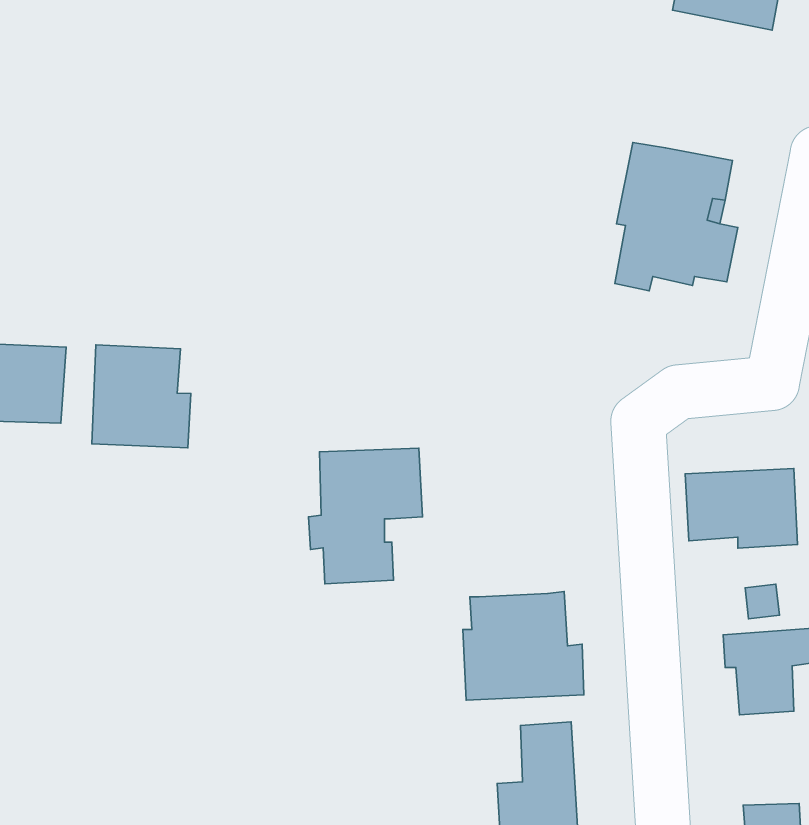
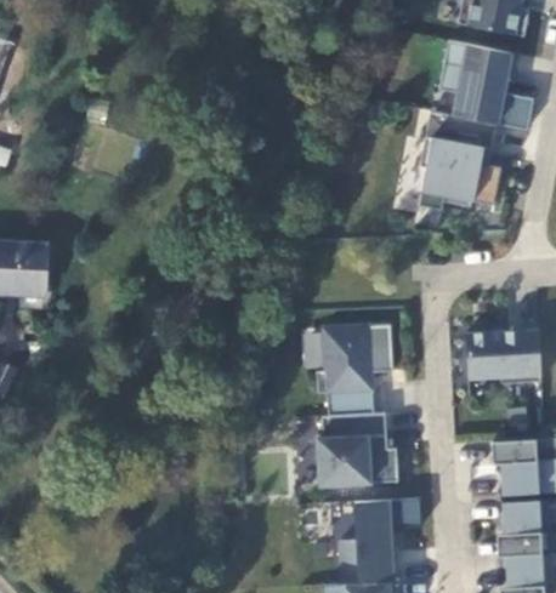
building: none -> [439,39,534,129]
building: [92,345,191,448] -> none
building: [309,448,423,584] -> [317,324,393,415]
building: none -> [497,498,543,555]

